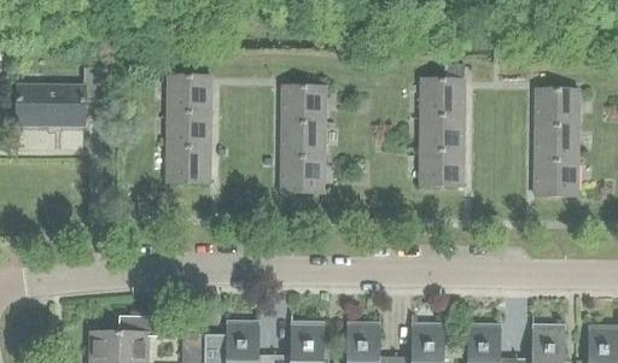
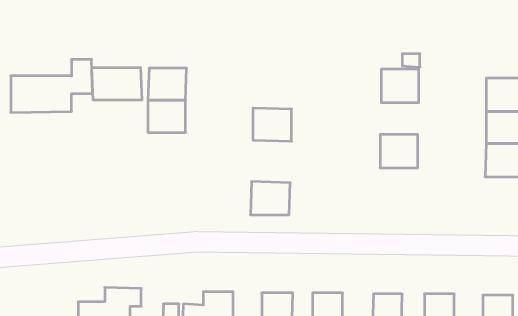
building: none -> [92,67,142,100]
building: [280,84,322,122] -> none
building: [419,115,461,150] -> none
building: [165,147,206,183] -> none
building: [279,156,322,192] -> [250,182,290,215]

